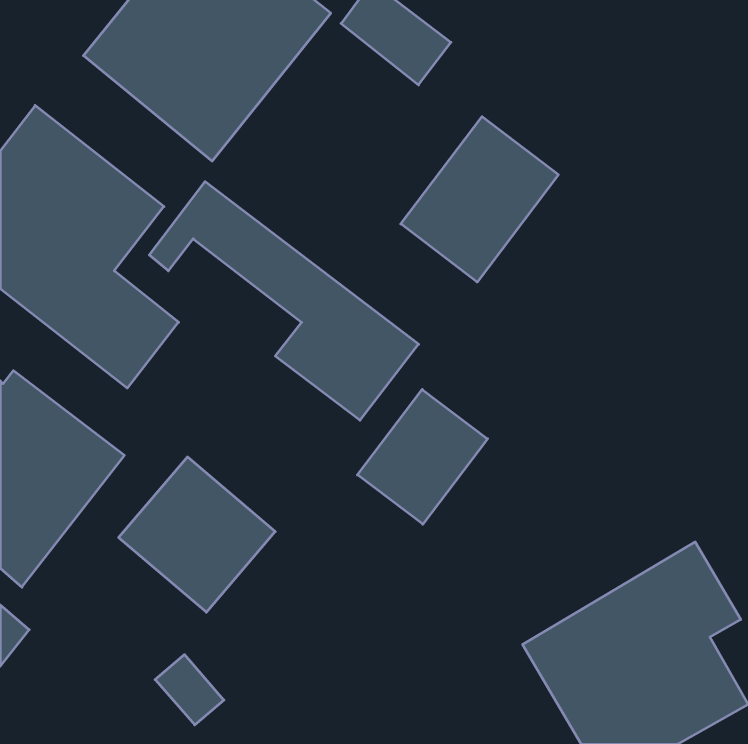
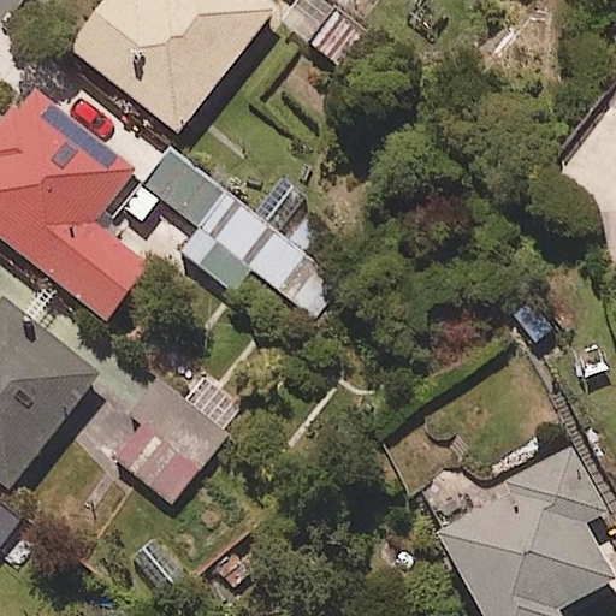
building: [401,117,558,282] -> none
building: [357,389,488,524] -> none

